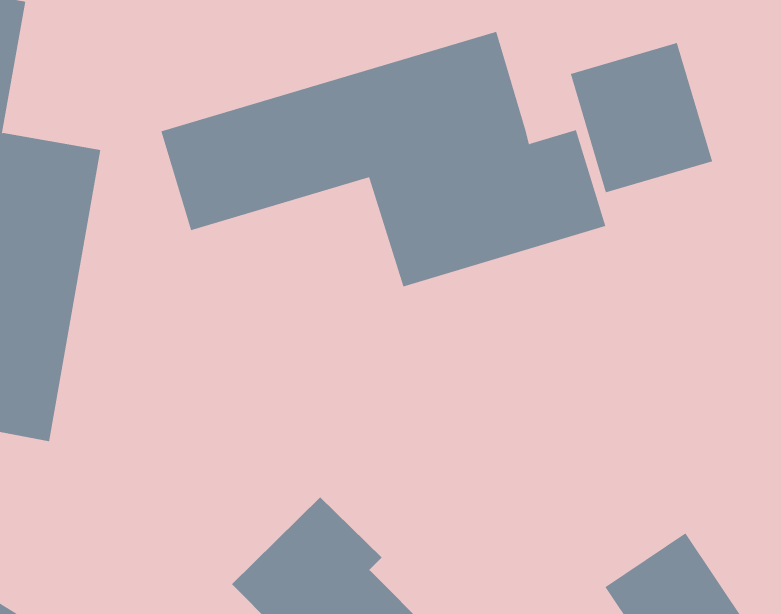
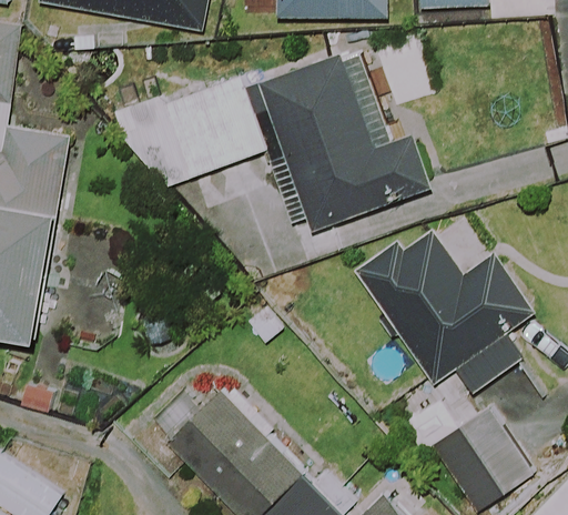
building: [570,42,713,193] -> none
building: none -> [357,228,531,393]

